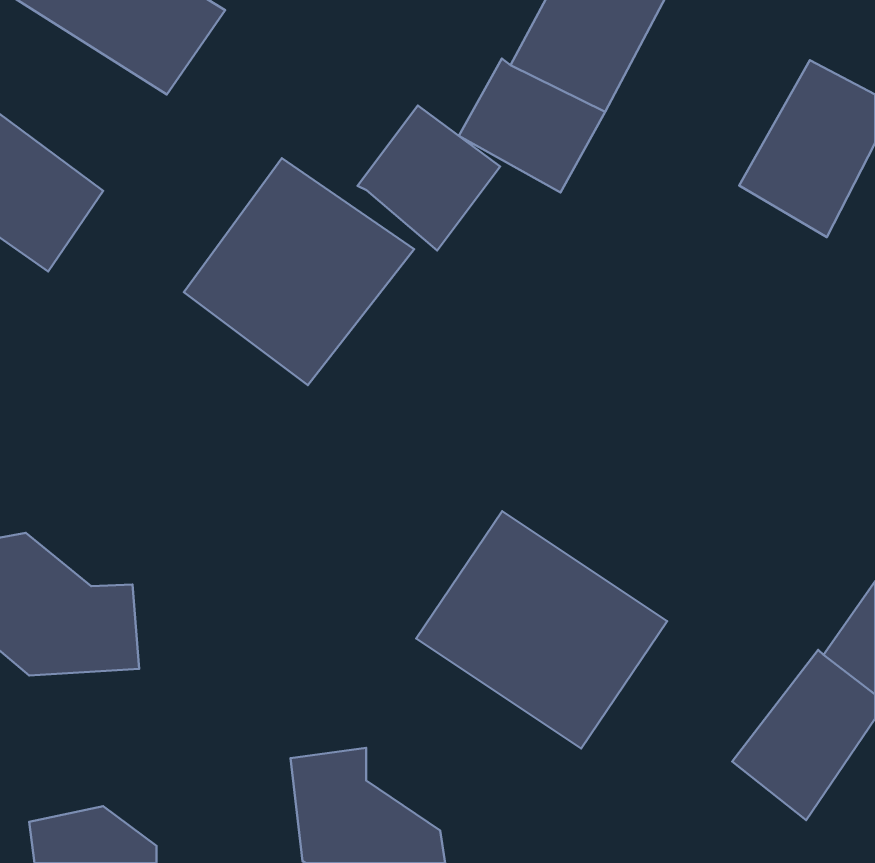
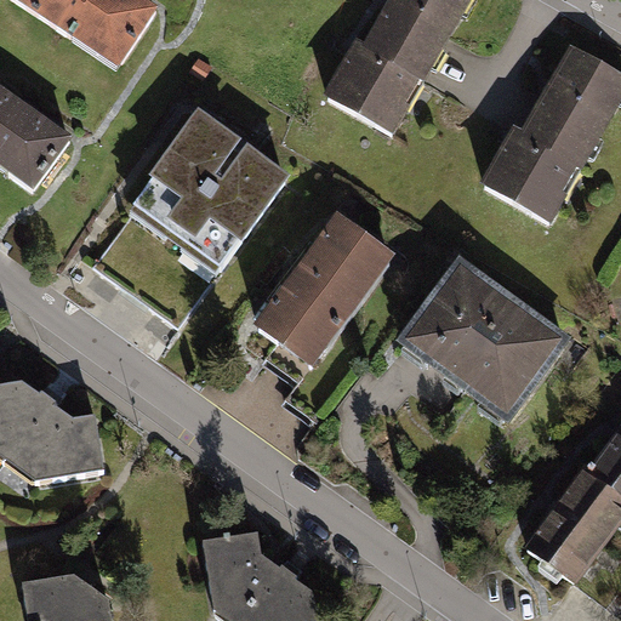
building: [358,105,500,250] -> none
building: none -> [482,126,583,224]
building: none -> [257,213,397,371]
building: [416,511,667,749] -> [395,257,572,425]

